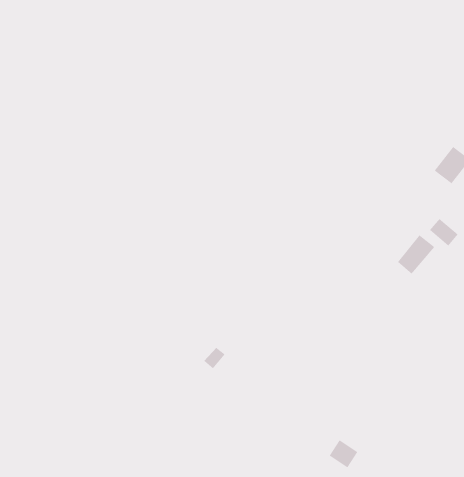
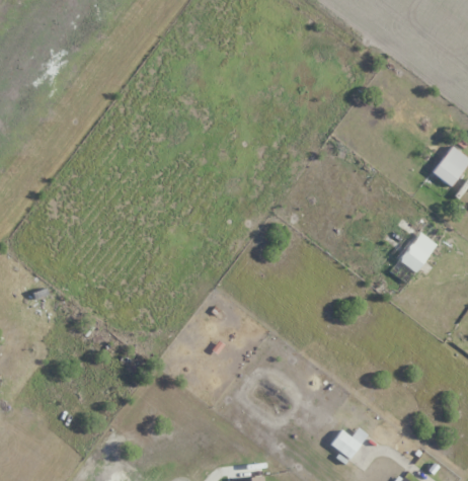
building: [429,218,459,246] -> none

